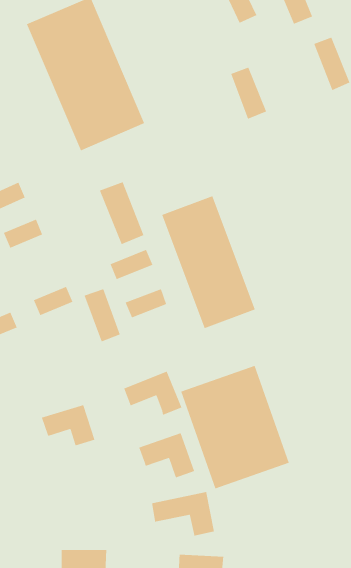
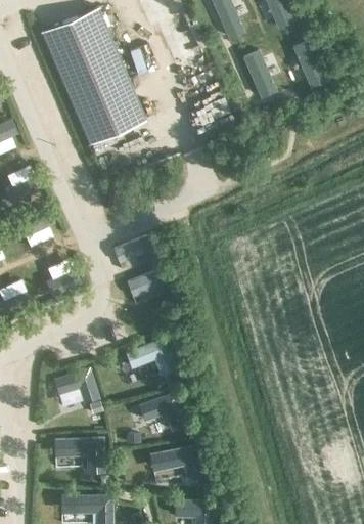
building: [230,67,267,120] -> [244,48,277,95]
building: [99,181,144,245] -> none
building: [161,195,256,329] -> none
building: [83,288,121,343] -> none
building: [180,365,290,490] -> none
building: none -> [51,440,104,477]

